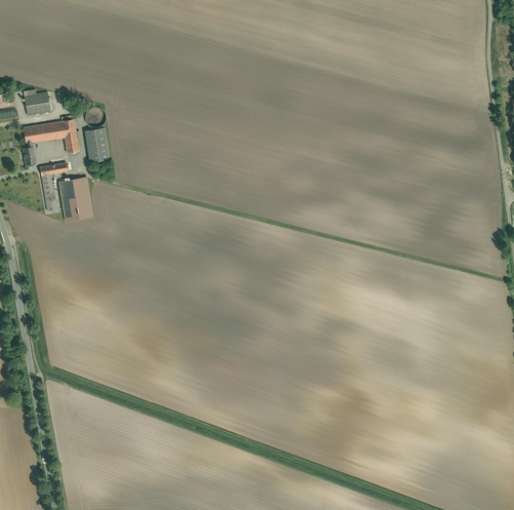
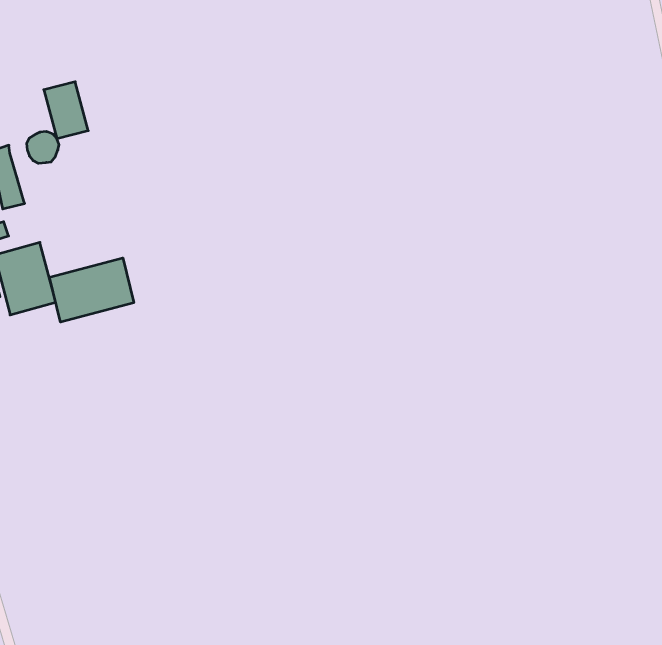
building: [84,126,110,161] -> [44,82,88,139]
building: none -> [50,258,134,322]

